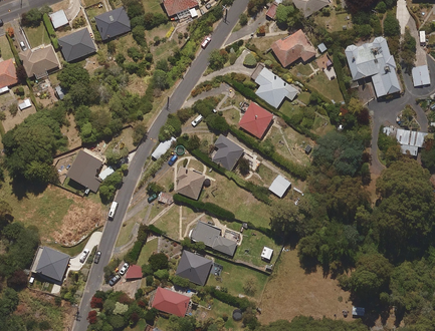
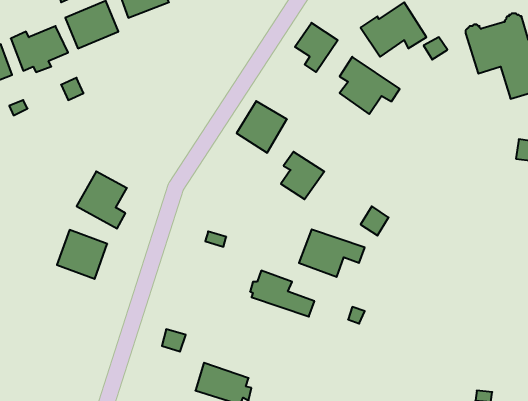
building: none -> [295,23,338,72]
building: [237,101,273,138] -> [237,101,287,153]
building: [175,168,204,199] -> none
building: [33,246,69,281] -> [57,230,107,279]
building: [175,251,222,285] -> [299,229,365,277]

